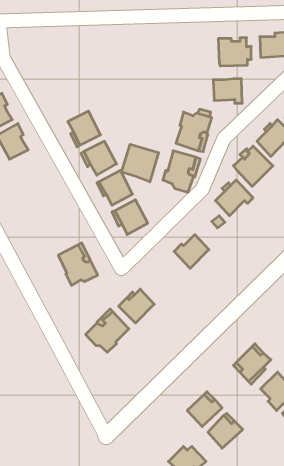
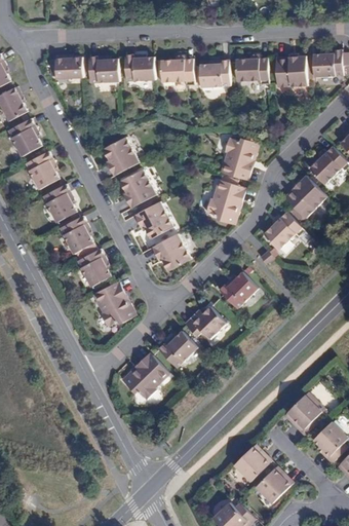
building: none -> [125,54,155,80]
building: none -> [89,57,119,83]
building: none -> [56,58,83,79]
building: none -> [161,59,194,85]
building: none -> [199,60,230,87]
building: [213,79,242,103] -> [236,58,268,84]
building: [121,144,159,182] -> none
building: none -> [42,183,77,222]
building: none -> [59,215,93,254]
building: none -> [77,248,111,287]
building: none -> [184,306,227,338]

